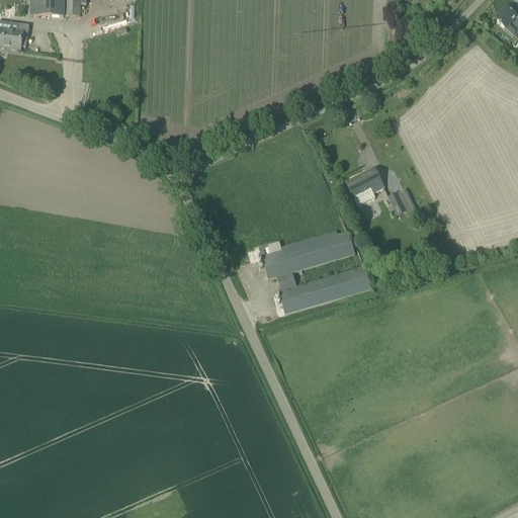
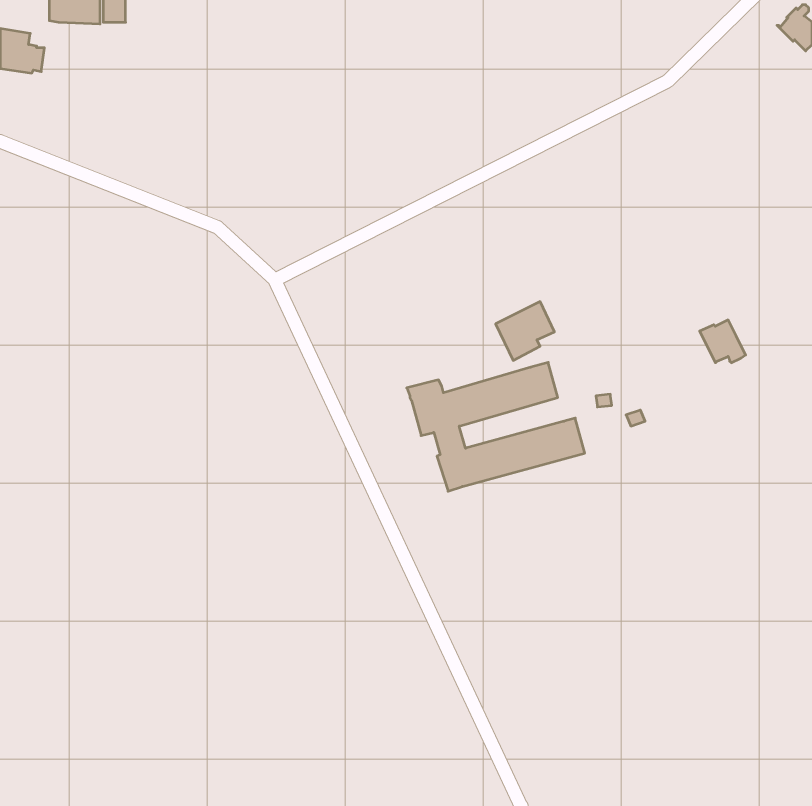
building: [346,167,383,204] -> [496,302,554,360]
building: [387,187,417,214] -> [700,320,746,363]

